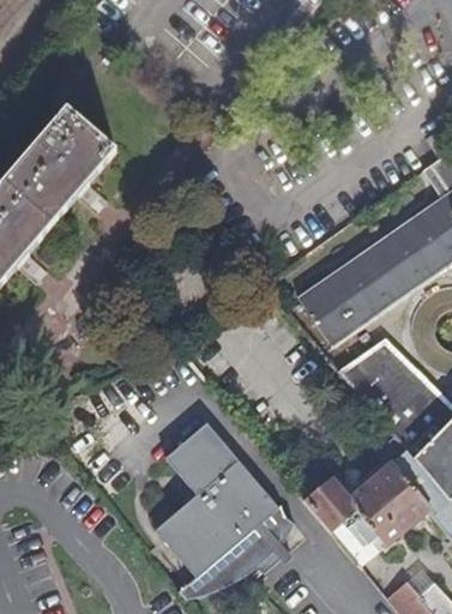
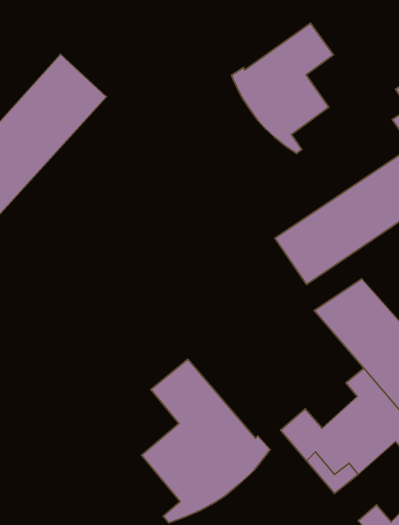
building: none -> [232,23,334,153]

